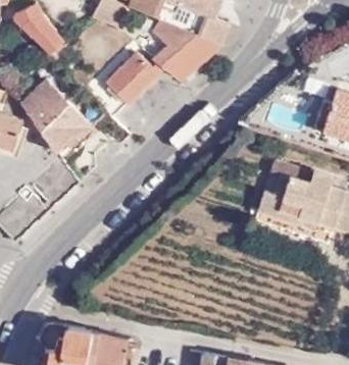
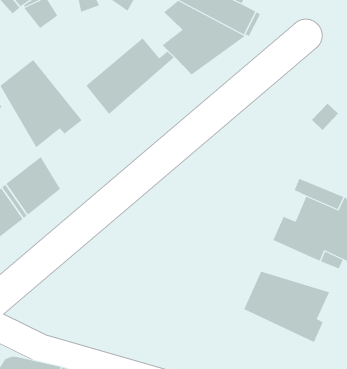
building: none -> [243,271,330,343]

